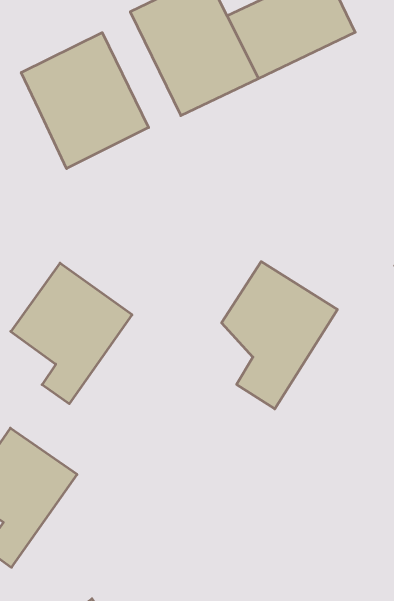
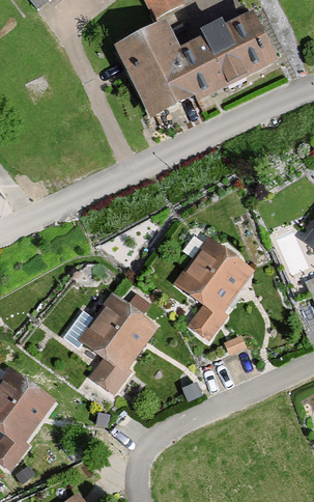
building: [21,33,149,169] -> none
building: [11,263,132,404] -> [68,287,161,394]

